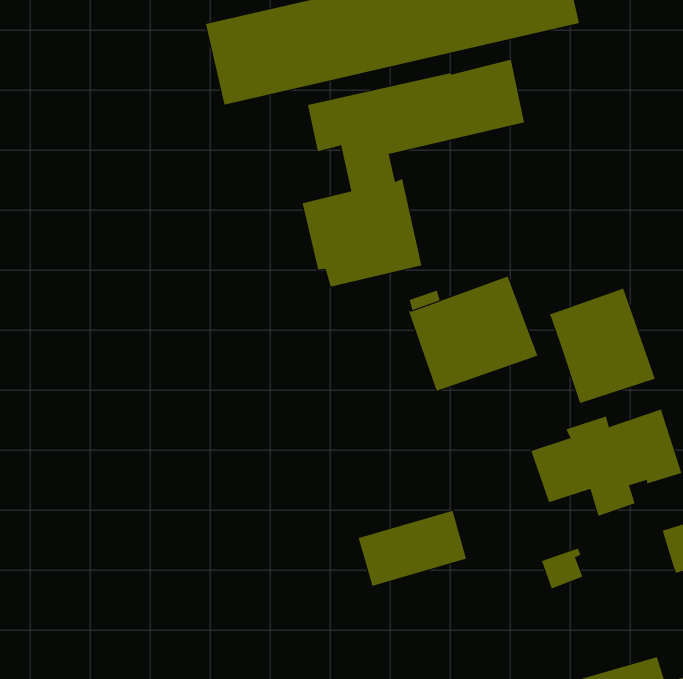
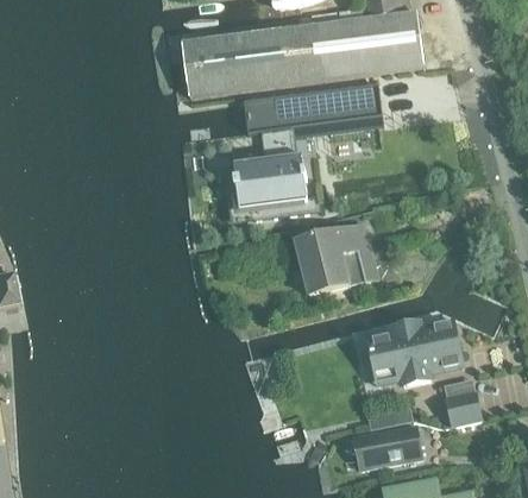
building: [549,288,655,404] -> none
building: [358,510,467,586] -> [353,423,422,467]

